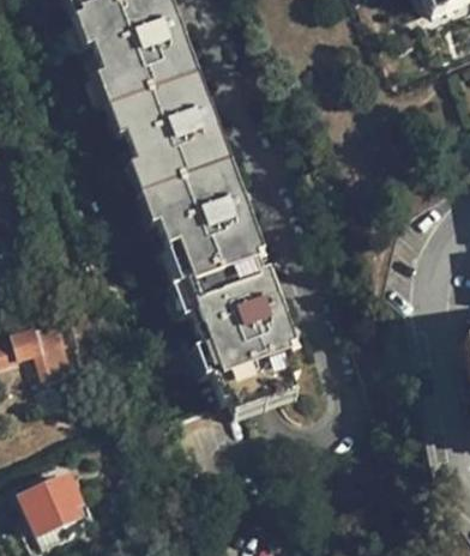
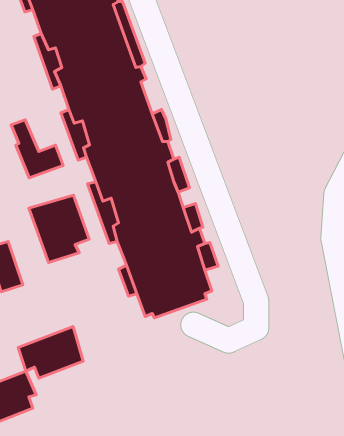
building: none -> [11,120,63,178]
building: none -> [29,195,89,263]
building: none -> [18,326,83,378]

